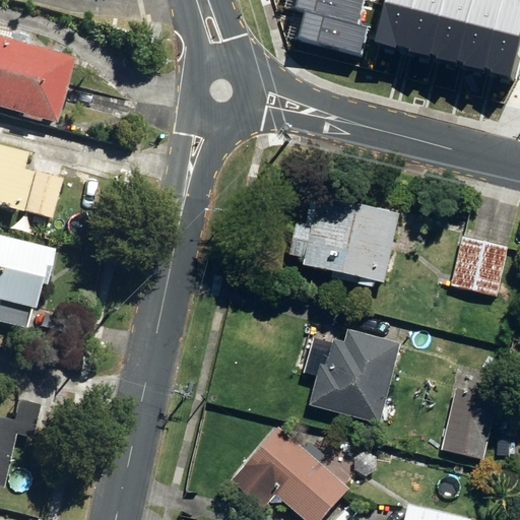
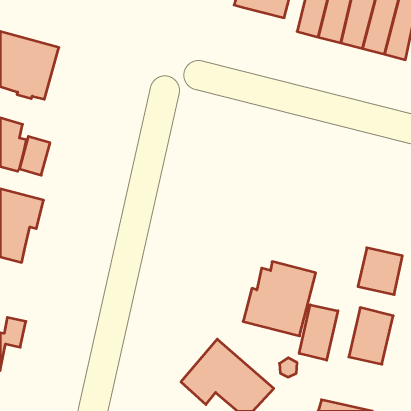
building: [300,9,370,52] -> none
building: [287,197,396,281] -> none
building: [450,236,506,295] -> [358,248,402,295]
building: none -> [299,305,338,360]

